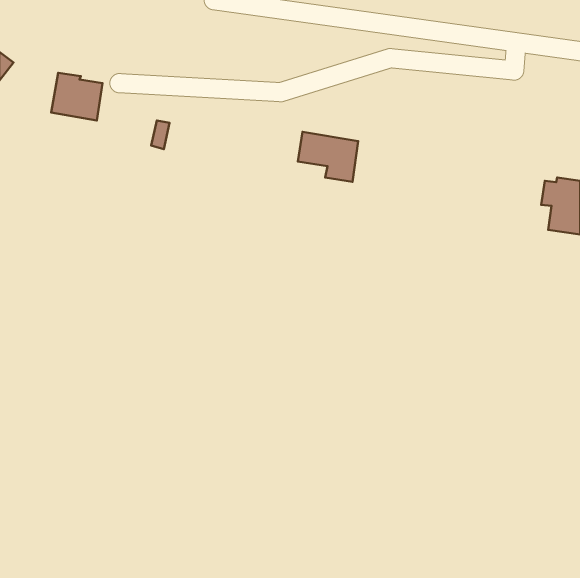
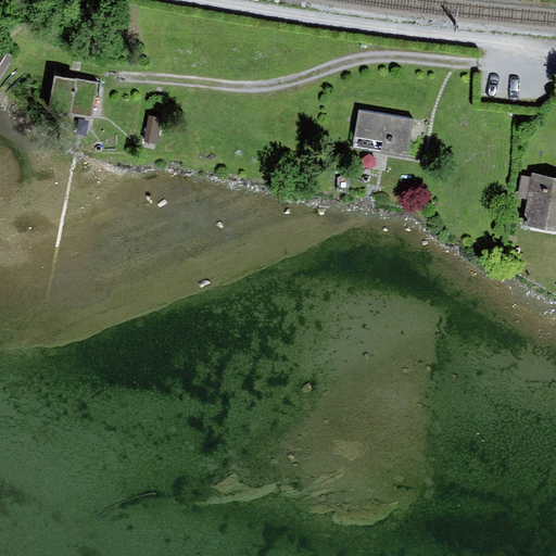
building: [298,132,358,182] -> [355,110,413,157]

